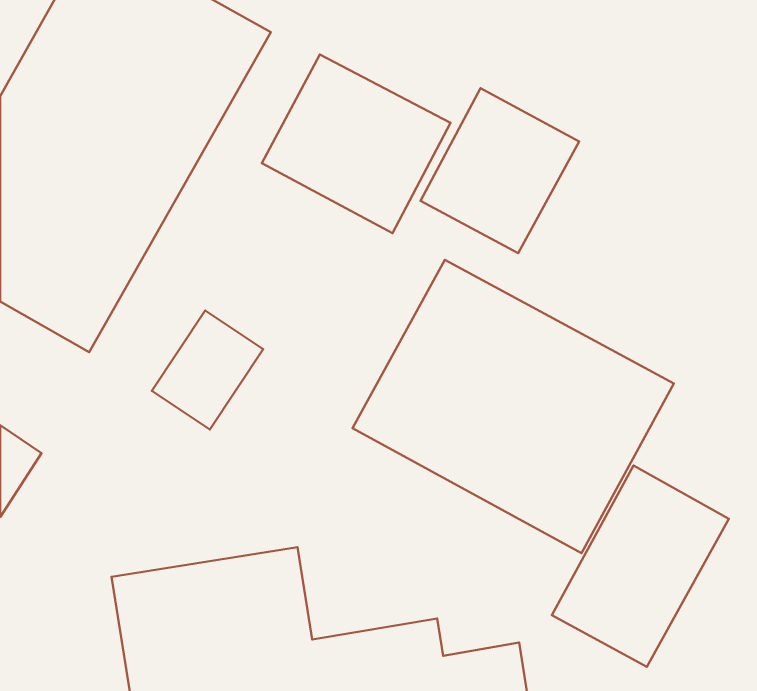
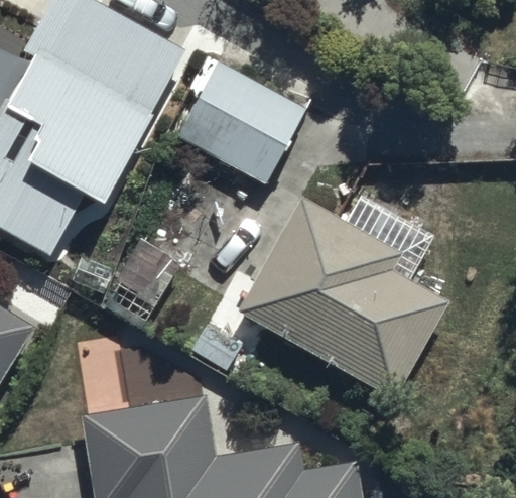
building: [420,88,579,253] -> none
building: [552,466,729,667] -> none

